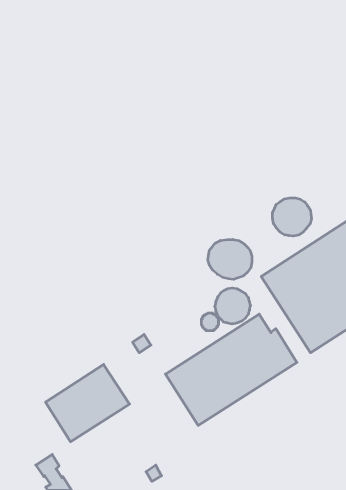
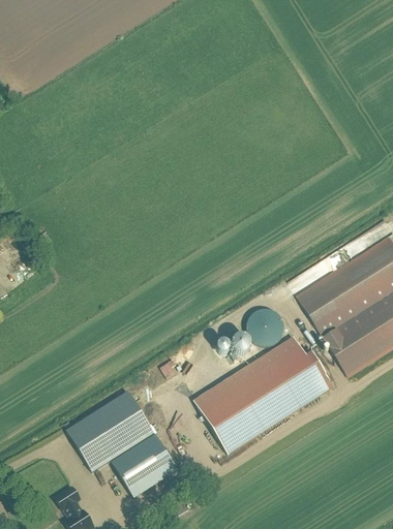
building: [273,198,311,236] -> none
building: [208,239,252,279] -> none
building: none -> [111,434,177,497]

